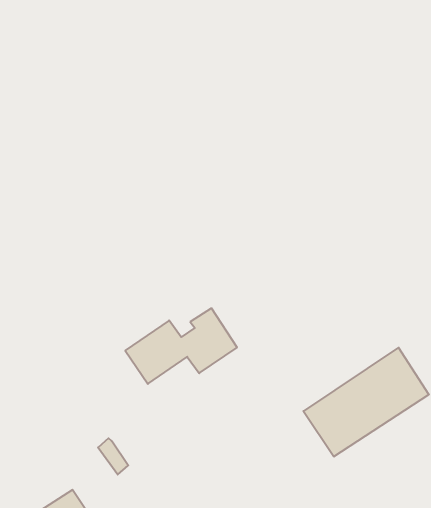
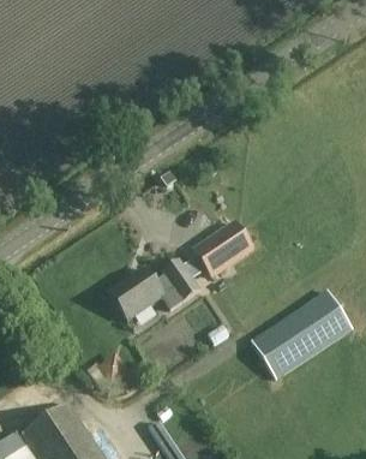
building: none -> [194,221,256,276]

